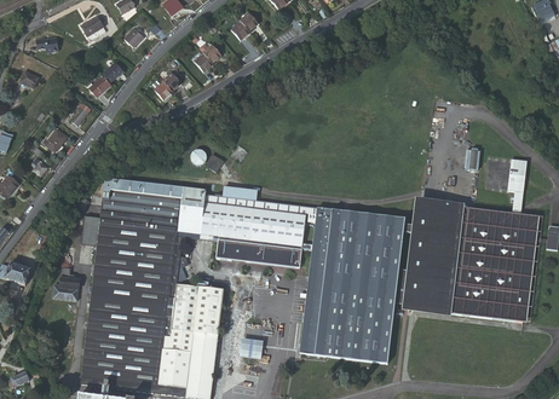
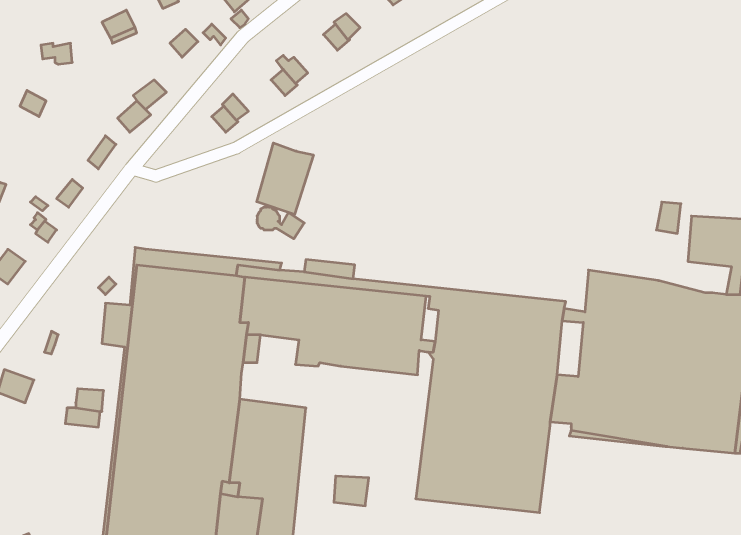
building: none -> [257,143,313,215]

